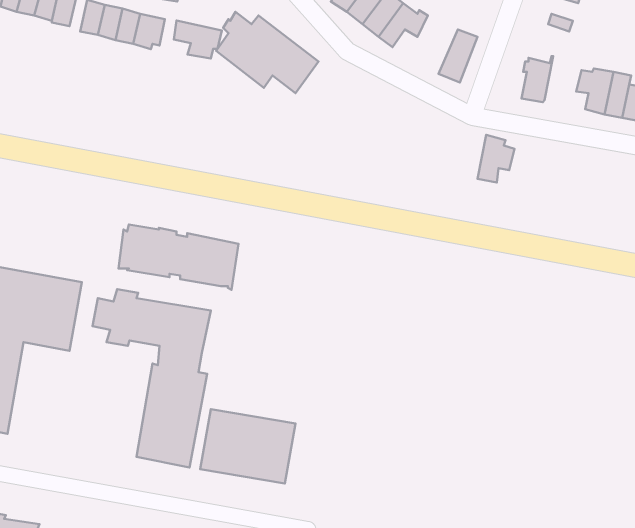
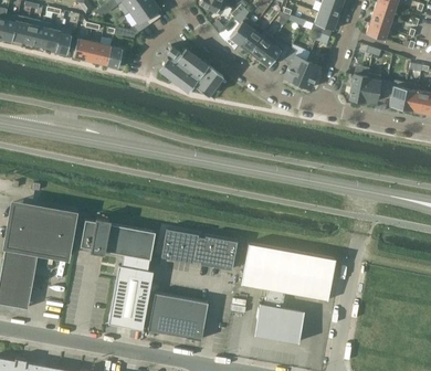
building: none -> [285,49,311,85]
building: [174,21,222,59] -> none
building: [477,135,514,182] -> [365,74,388,104]
building: [118,224,238,290] -> [162,231,238,272]
building: none -> [242,244,336,343]

